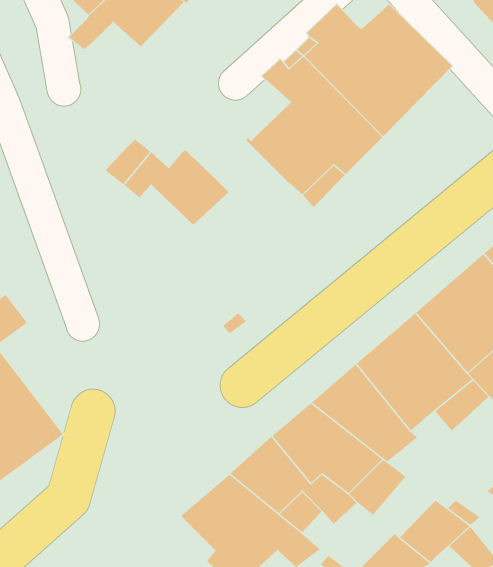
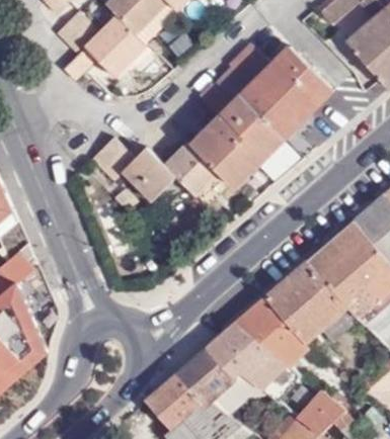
building: none -> [165,140,219,194]

